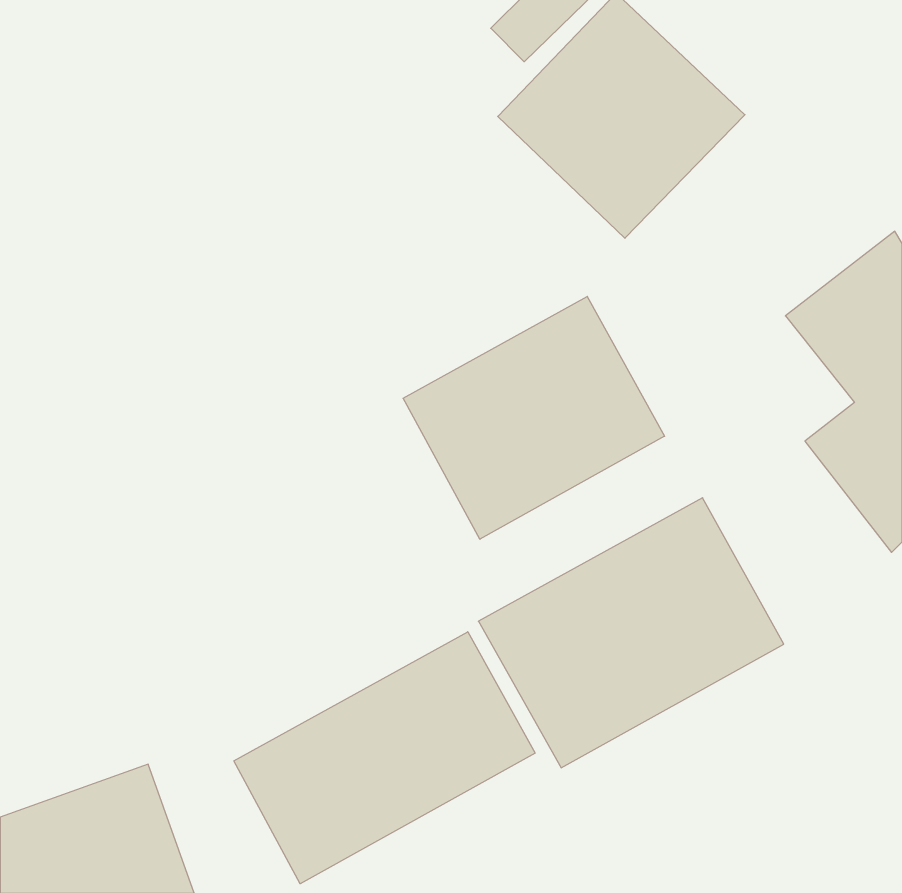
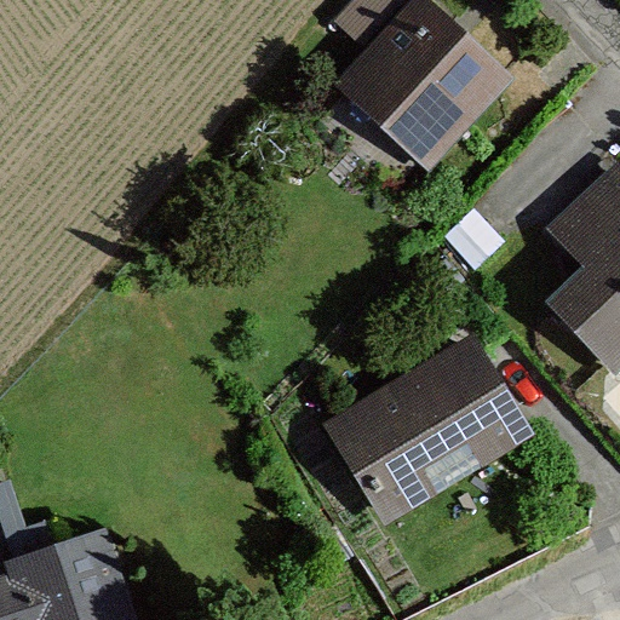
building: [403,296,665,539] -> none
building: [234,632,535,884] -> none

